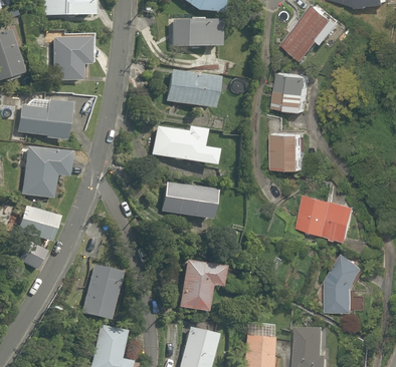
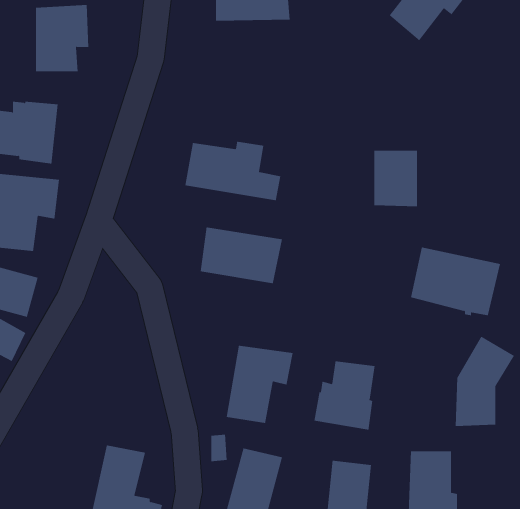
building: [166,69,216,108] -> none
building: [277,70,311,111] -> none
building: [81,264,120,318] -> none
building: none -> [314,360,375,430]

